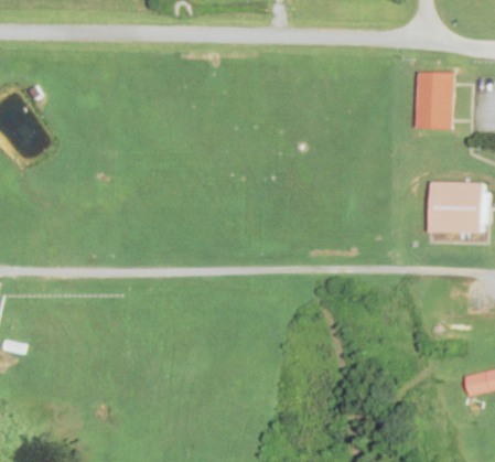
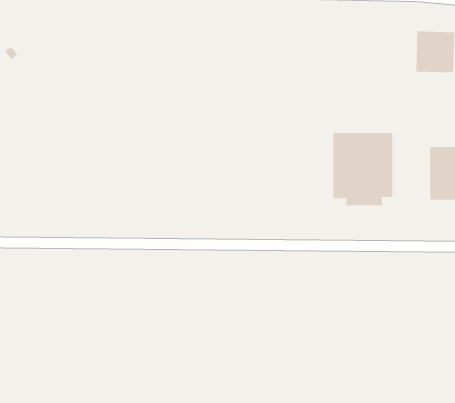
building: none -> [333,132,393,206]

